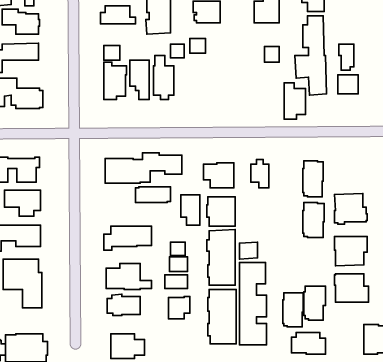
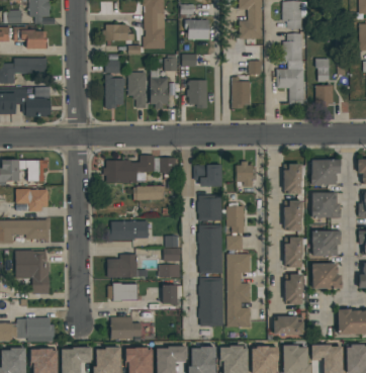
building: none -> [187,80,207,108]
building: [284,83,306,119] -> [232,77,251,109]
building: none -> [310,160,341,185]
building: [181,195,200,225] -> [226,206,244,234]
building: [283,293,303,327] -> [284,238,302,268]

